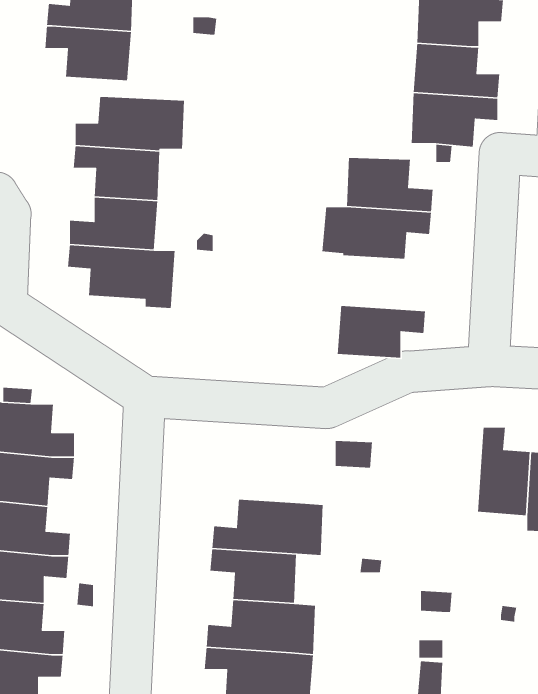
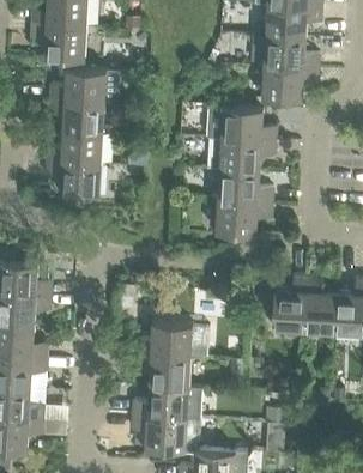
building: none -> [218,171,272,206]
building: none -> [273,278,308,333]

